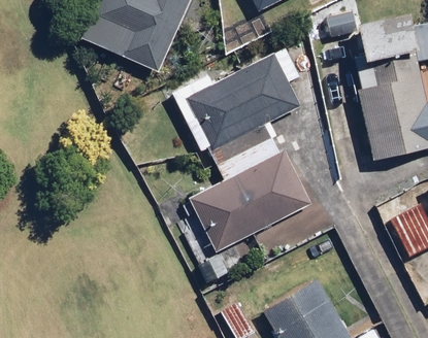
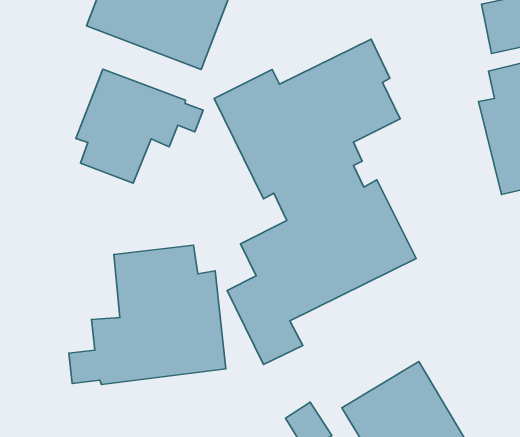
building: none -> [76,69,203,183]
building: none -> [69,245,226,384]

